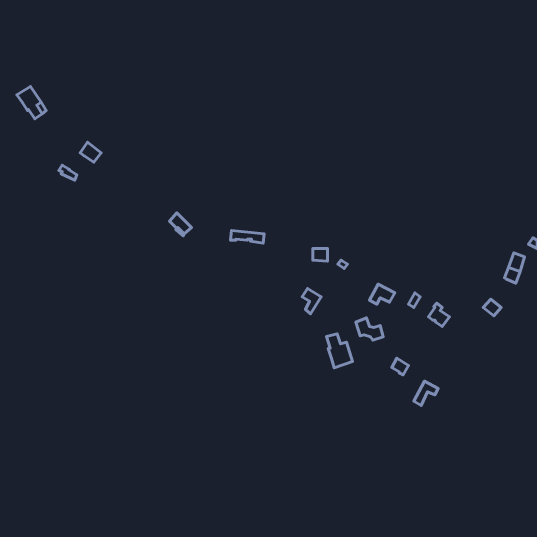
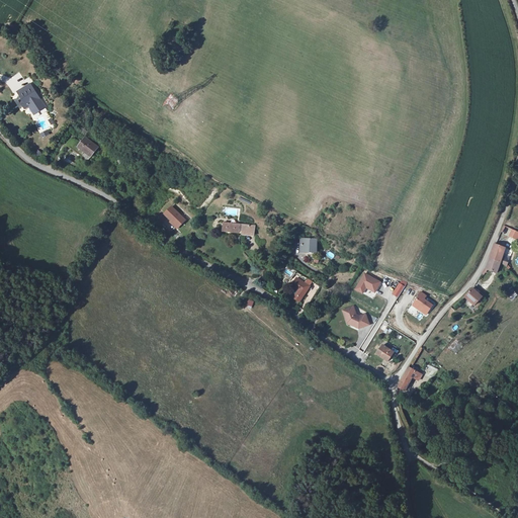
building: [327,334,352,368] -> none

